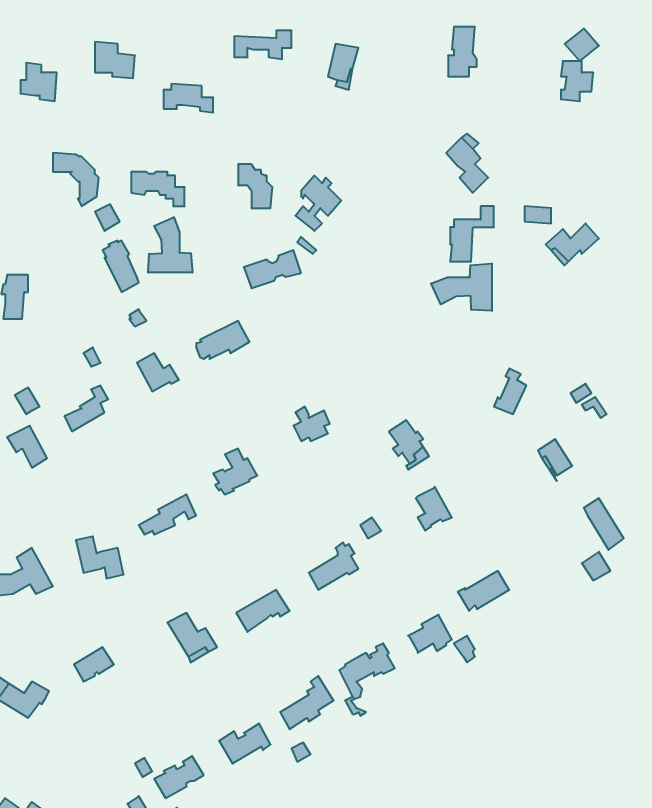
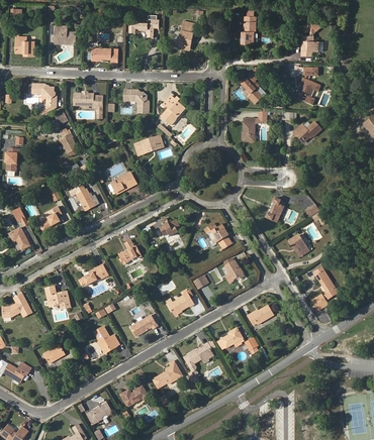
building: none -> [294,68,320,105]
building: [148,217,192,273] -> none
building: [431,263,492,311] -> none

